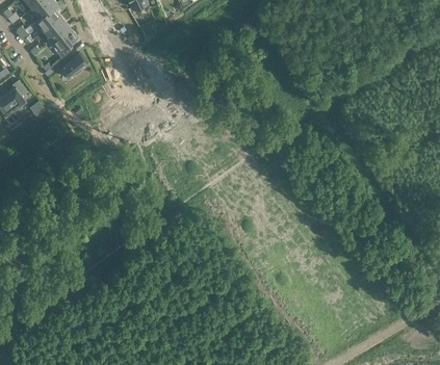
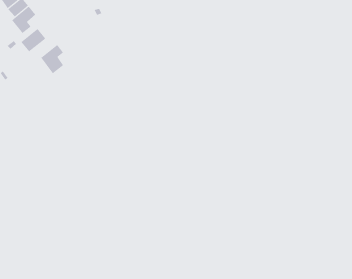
building: none -> [40,44,64,74]

